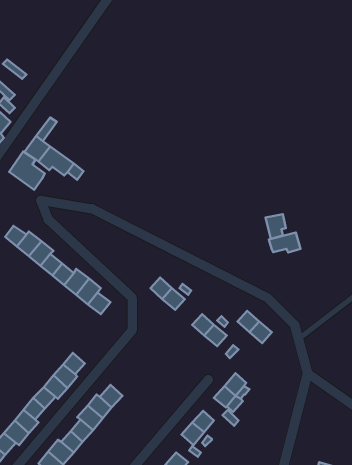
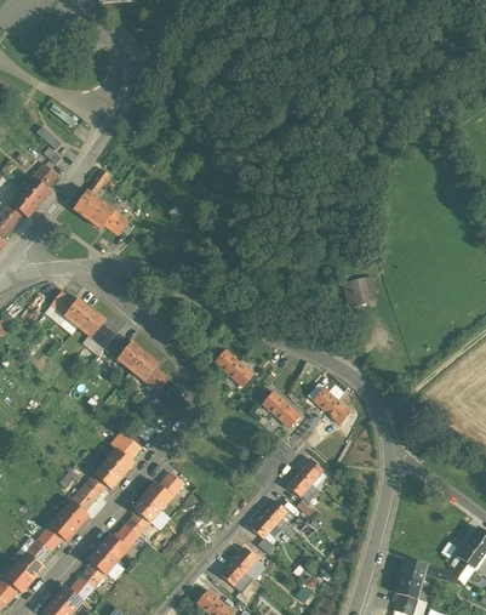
building: [9,152,45,190] -> none
building: [269,233,301,252] -> none

